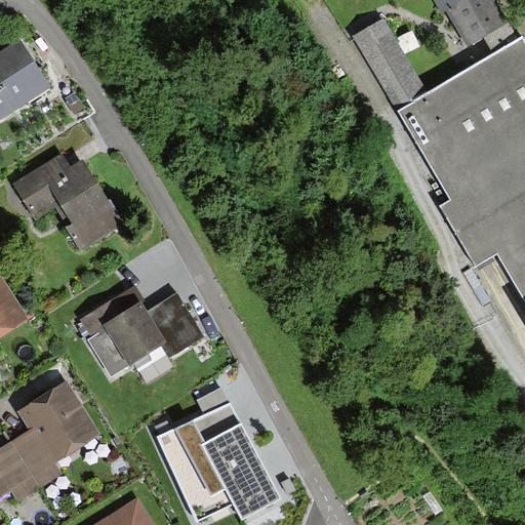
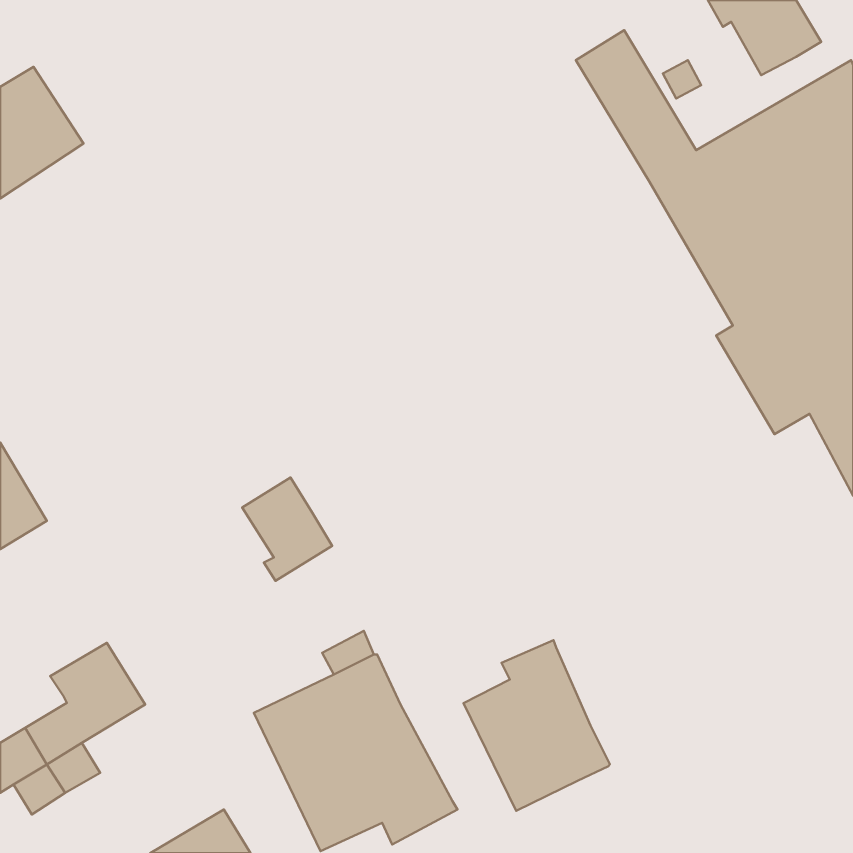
building: [11,151,124,250] -> none
building: [80,285,168,376] -> none
building: none -> [463,640,610,811]

